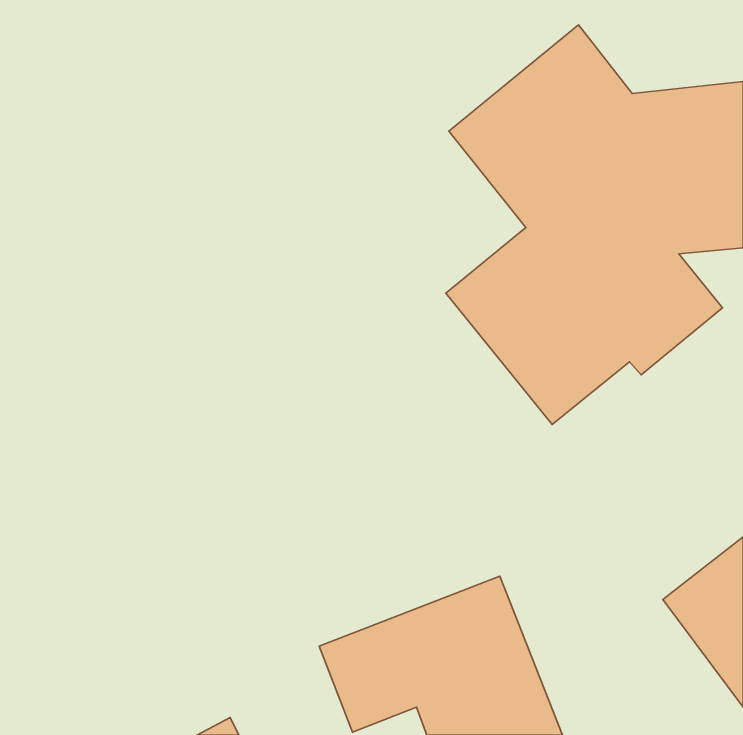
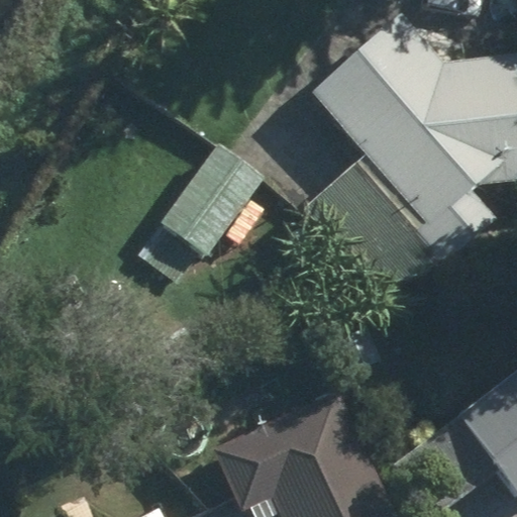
building: none -> [163,139,270,252]

